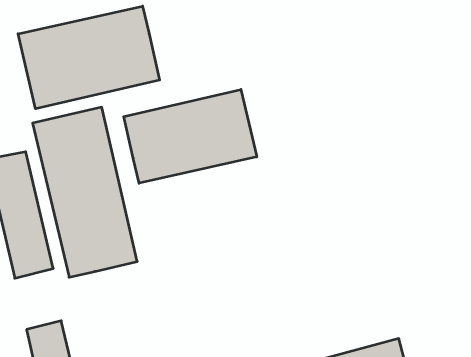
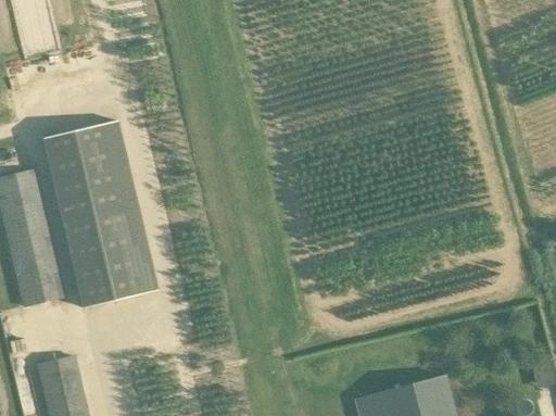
building: [18,6,160,109] -> none
building: [124,89,257,183] -> none

